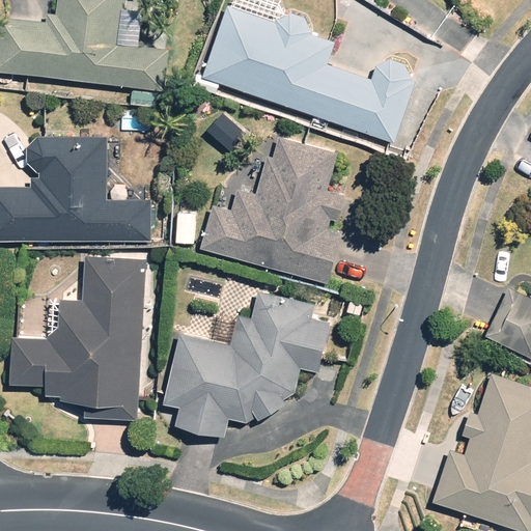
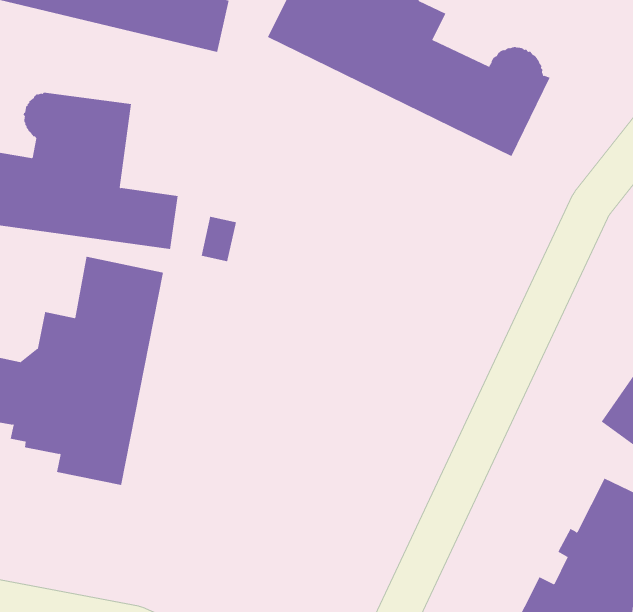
building: [201,140,343,283] -> none
building: [164,291,330,439] -> none

